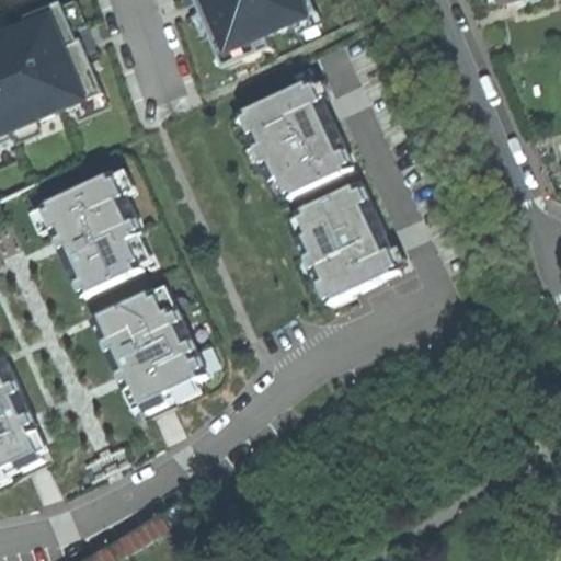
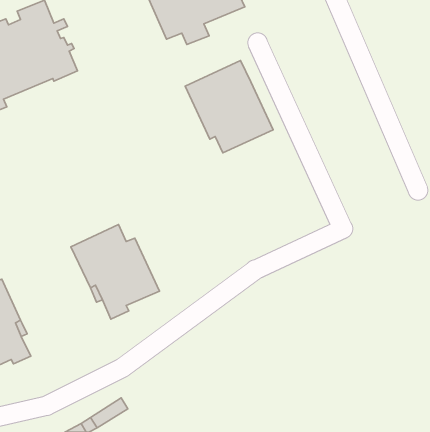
building: [39,171,140,294] -> none
building: [295,181,398,301] -> none

